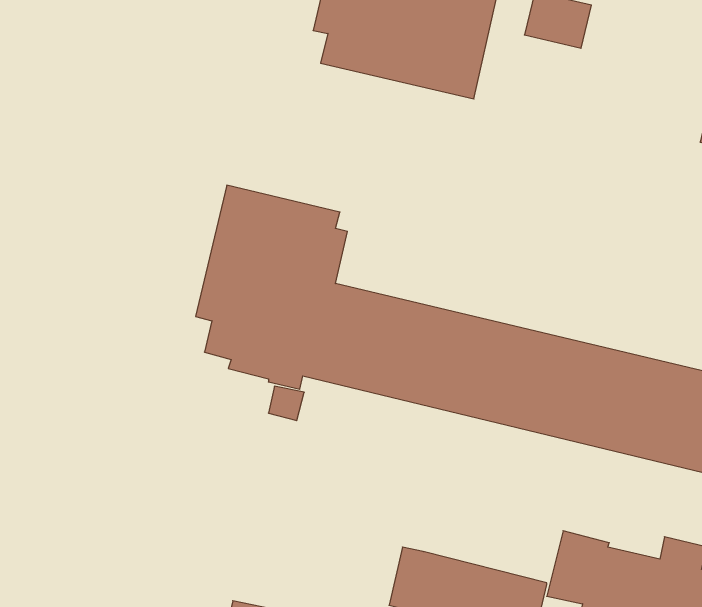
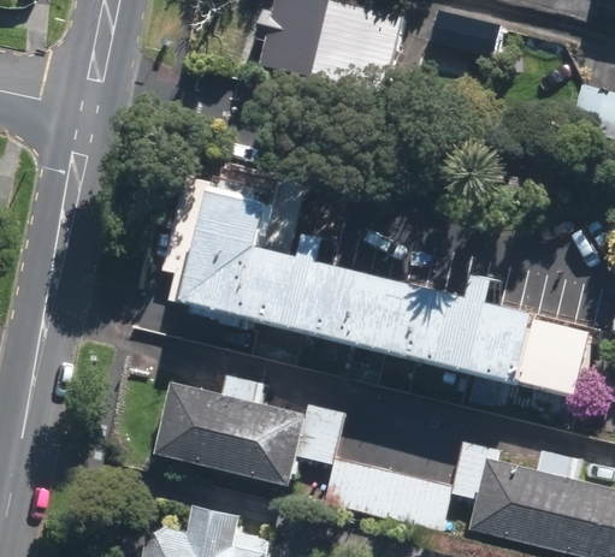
building: none -> [152,377,338,487]

